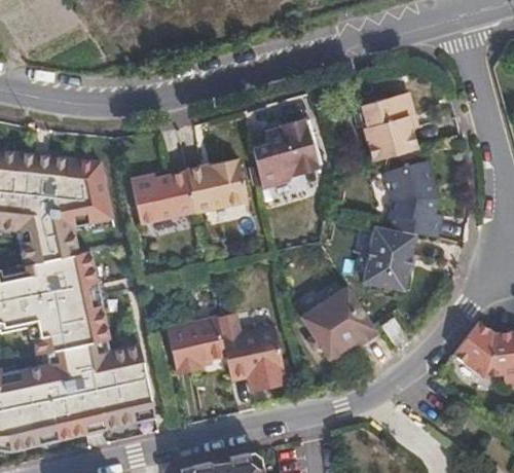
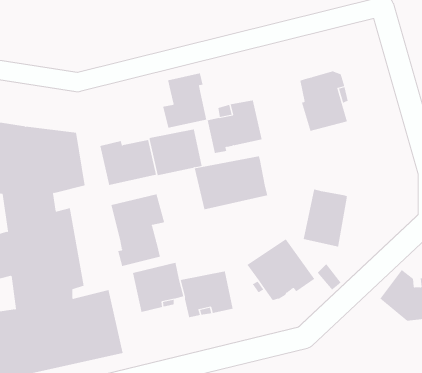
building: none -> [163,73,207,128]
building: [383,162,440,239] -> none
building: none -> [194,156,268,210]
building: none -> [111,194,165,267]

